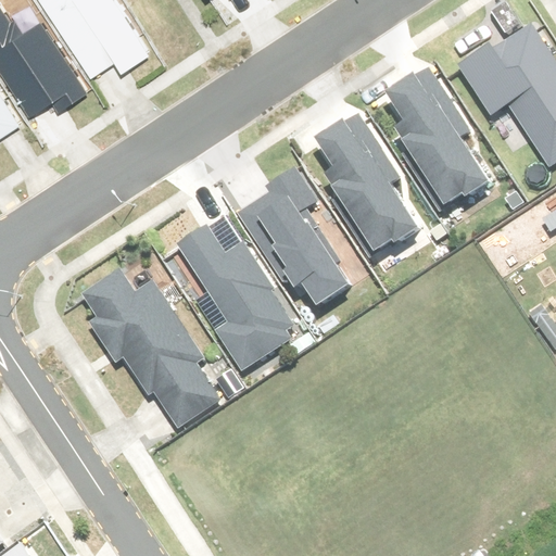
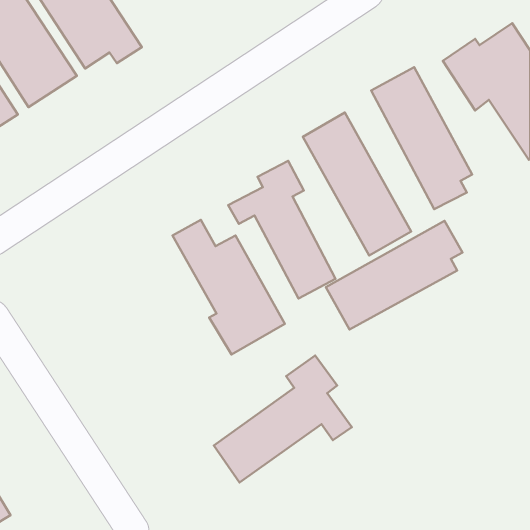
building: none -> [326,221,463,330]
building: [79,265,217,430] -> none
building: none -> [214,356,352,483]

